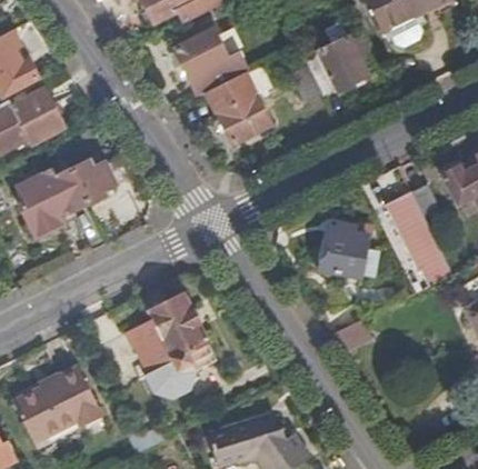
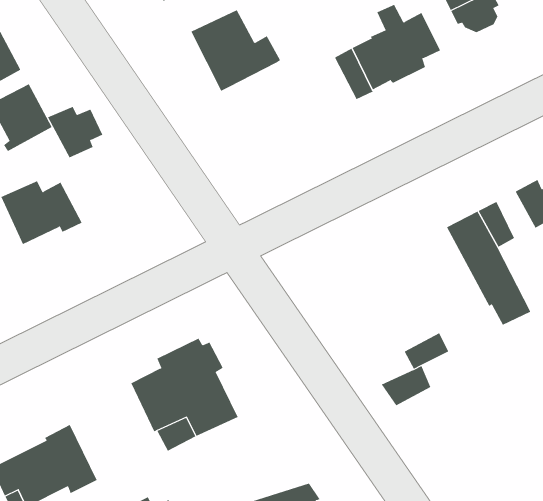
building: [207,72,271,140] -> none
building: [70,160,116,202] -> [47,106,103,158]
building: [319,224,375,277] -> none

